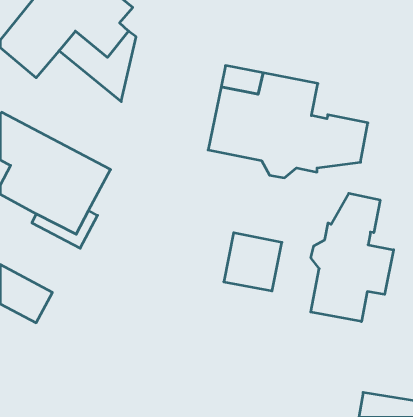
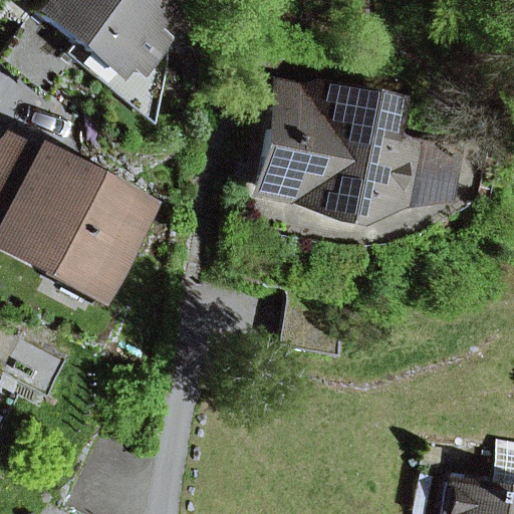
building: [311,193,394,322] -> none

